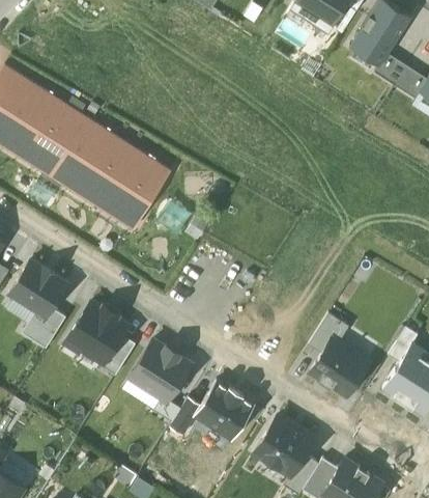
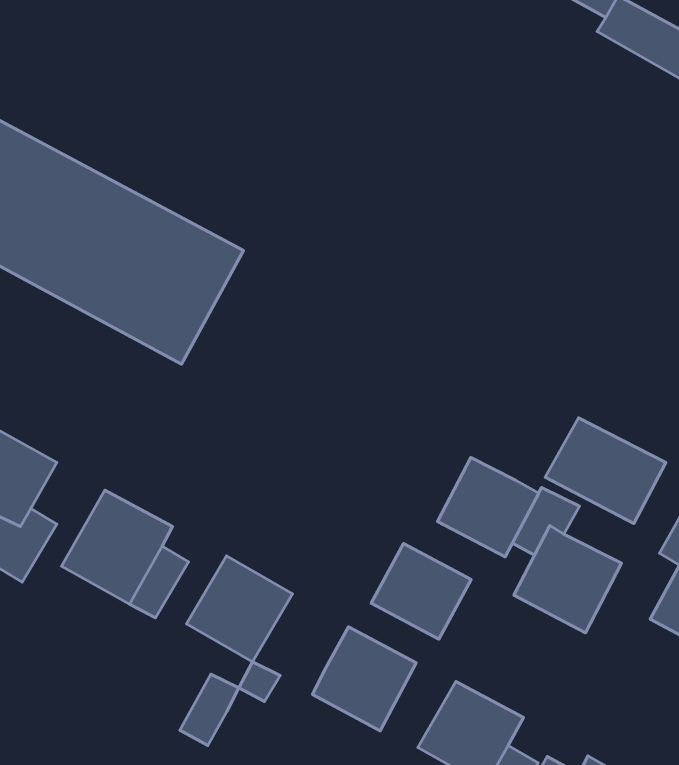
building: none -> [545,418,666,523]
building: none -> [437,457,539,557]
building: none -> [371,543,471,639]
building: [172,396,205,435] -> [180,674,239,746]

